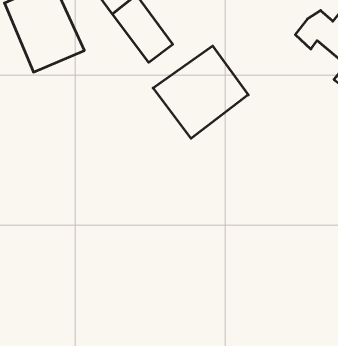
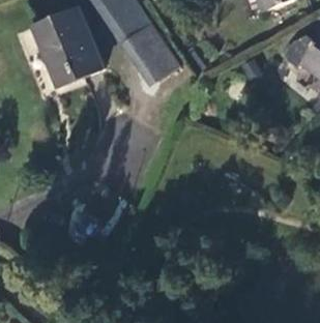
building: [153,46,248,138] -> none

